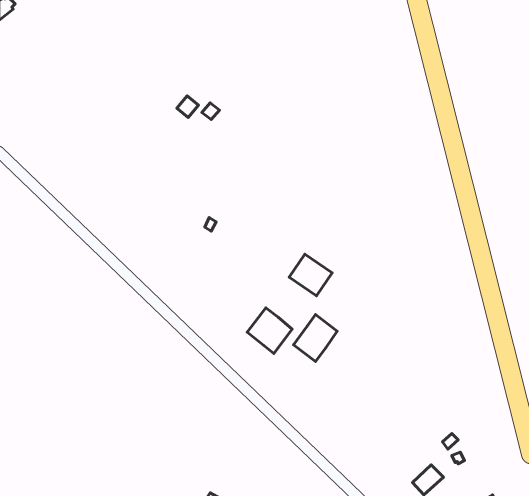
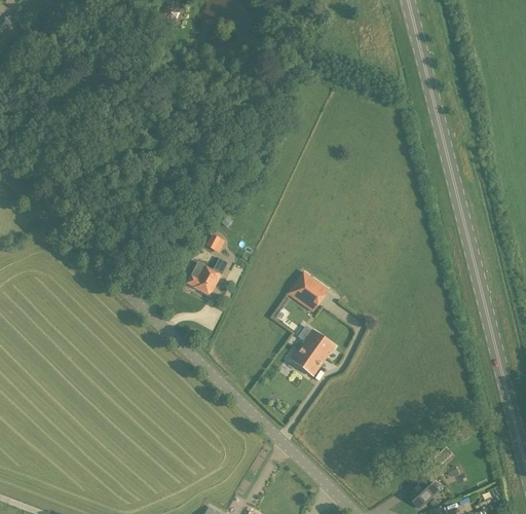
building: none -> [187,257,227,296]
building: [247,308,292,354] -> none

